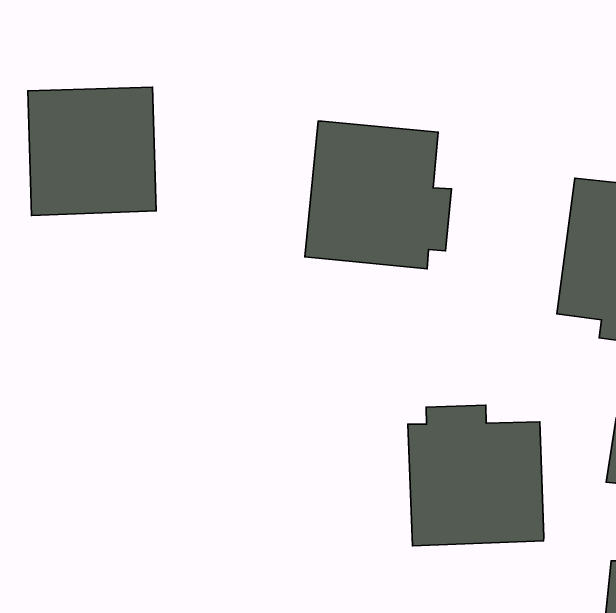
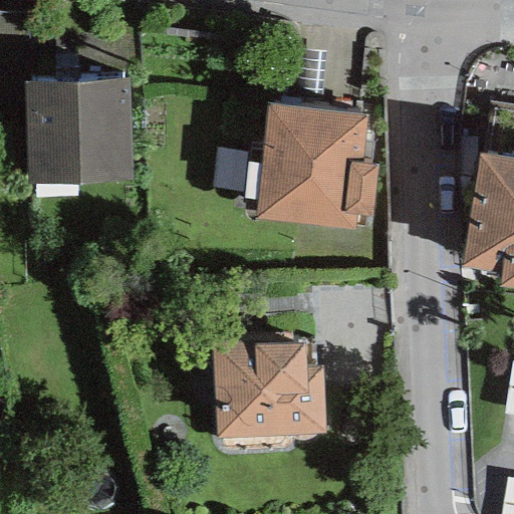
building: none -> [214,339,324,439]
building: [408,405,544,546] -> none

